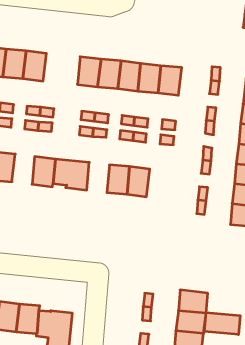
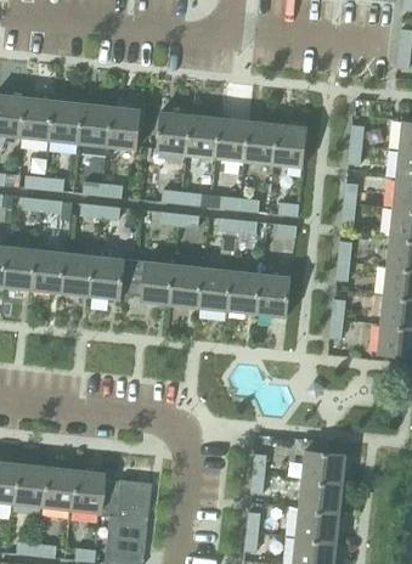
building: none -> [106,106,140,148]
building: none -> [61,252,94,295]
building: none -> [169,264,202,308]
building: none -> [255,273,290,316]
building: [204,313,240,335] -> none

